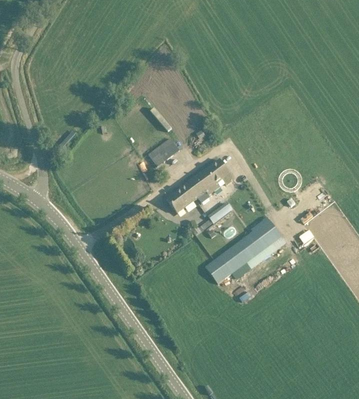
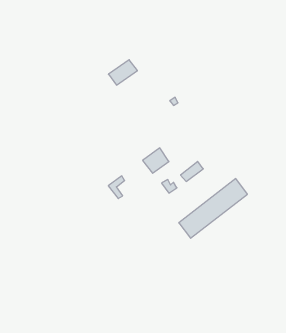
building: [147,139,179,167] -> [108,60,137,85]
building: [184,160,233,201] -> none

